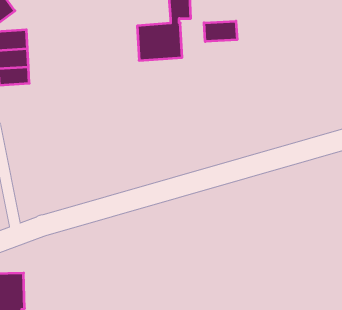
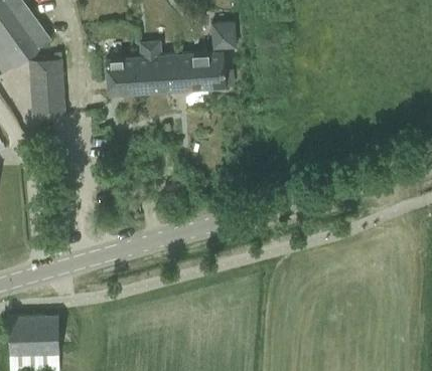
building: [204,21,237,42] -> none
building: none -> [105,55,180,96]

